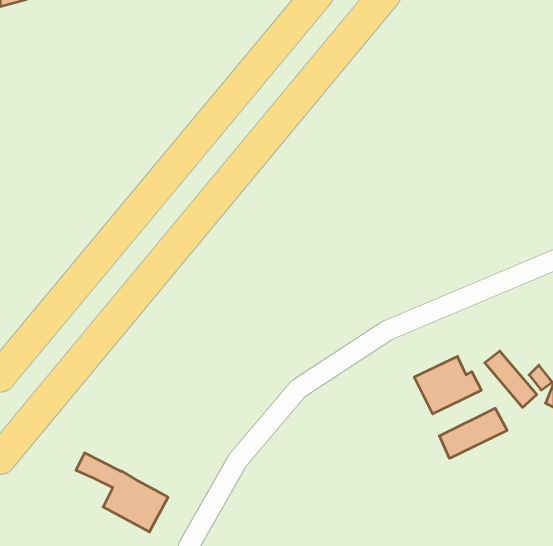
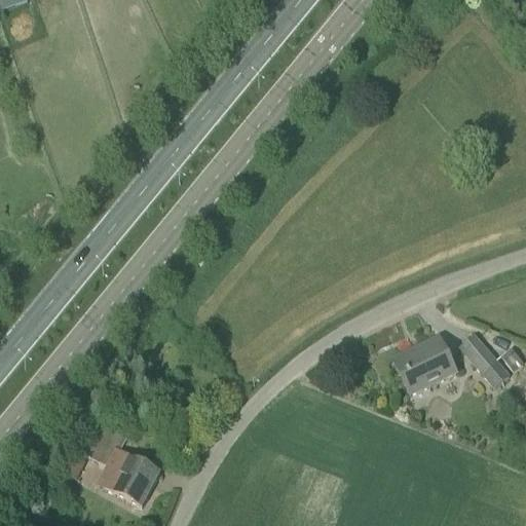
building: [439,408,507,458] -> none

